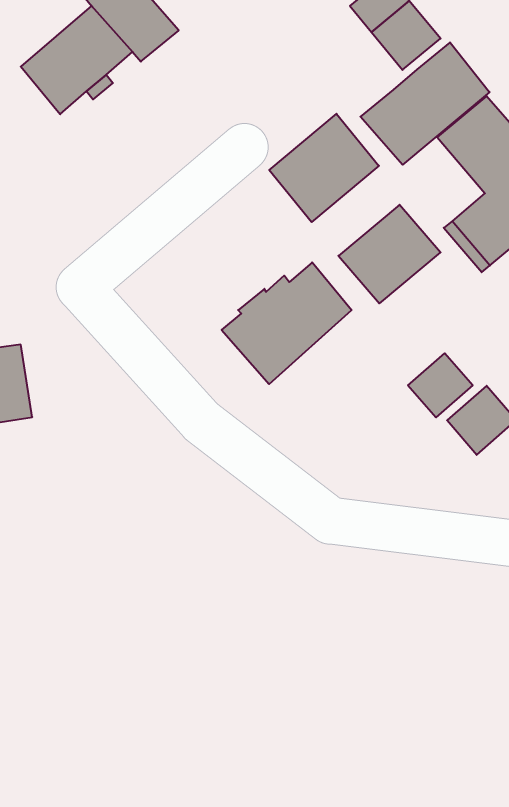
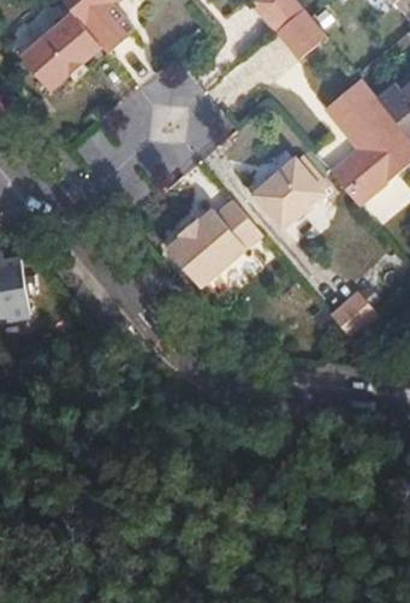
building: [360,42,490,165] -> none
building: [269,114,379,222] -> none
building: [408,353,473,417] -> none

